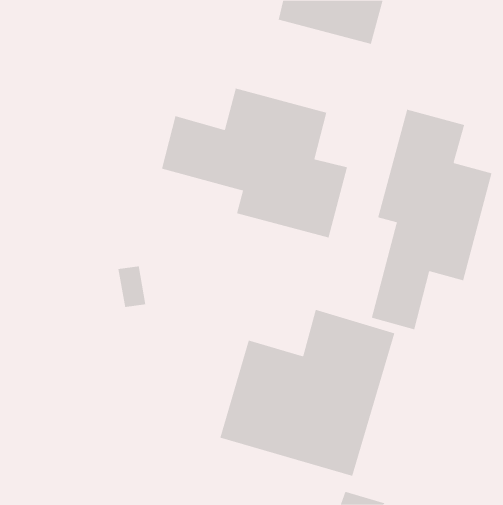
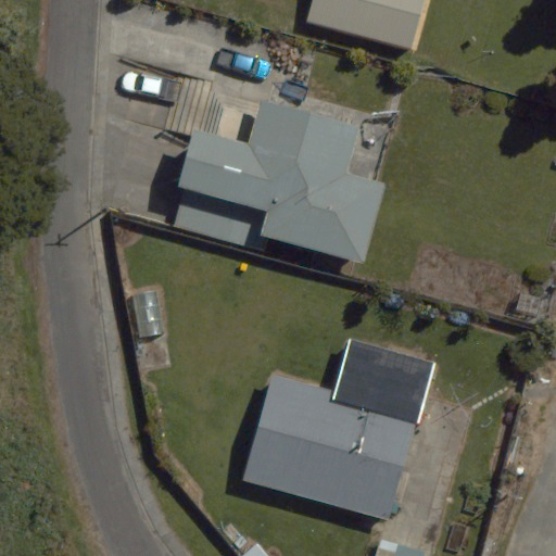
building: [371,109,492,330] -> none

